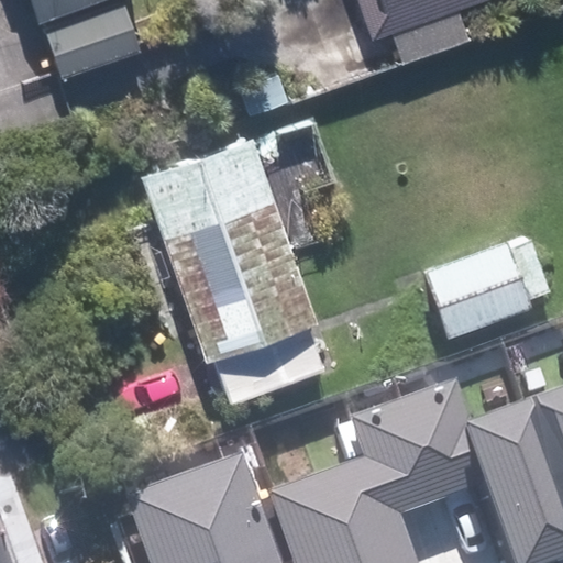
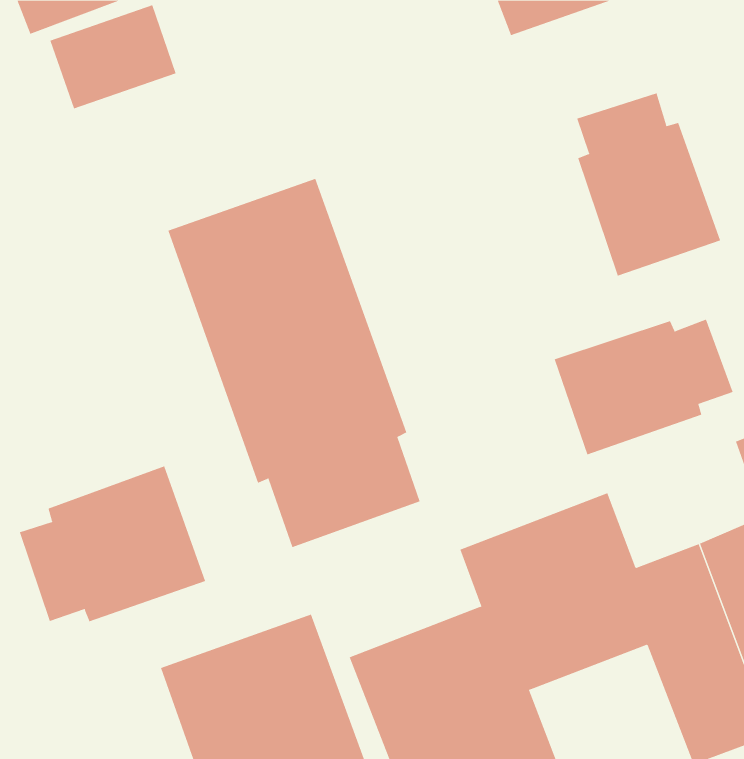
building: none -> [577,92,721,276]
building: none -> [19,465,206,622]

